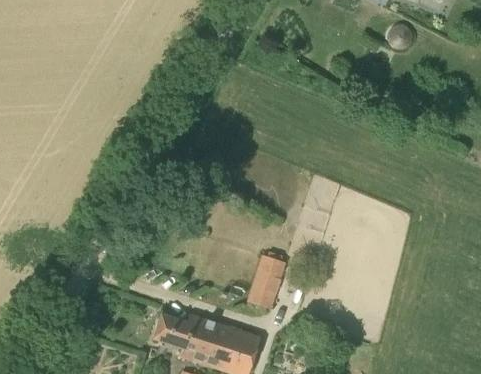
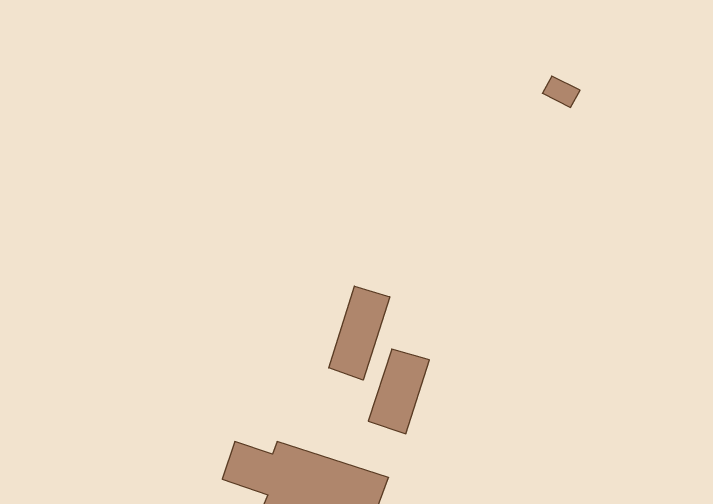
building: none -> [329,286,390,380]

